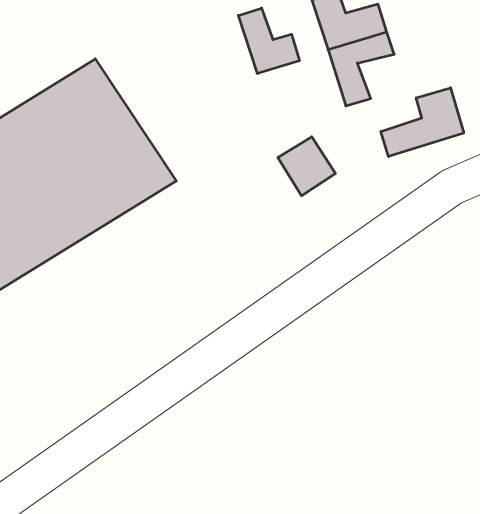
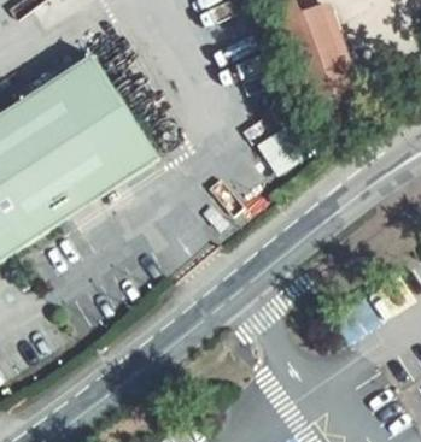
building: [238,8,299,74] -> none
building: [381,88,464,157] -> none

